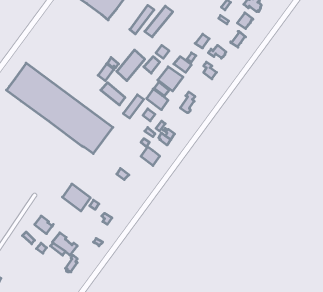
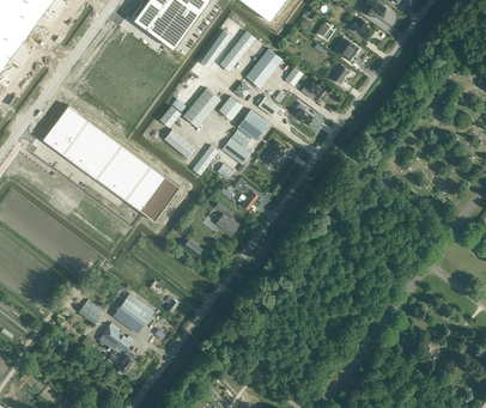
building: none -> [247,49,283,89]
building: [62,184,90,211] -> [116,297,152,331]

